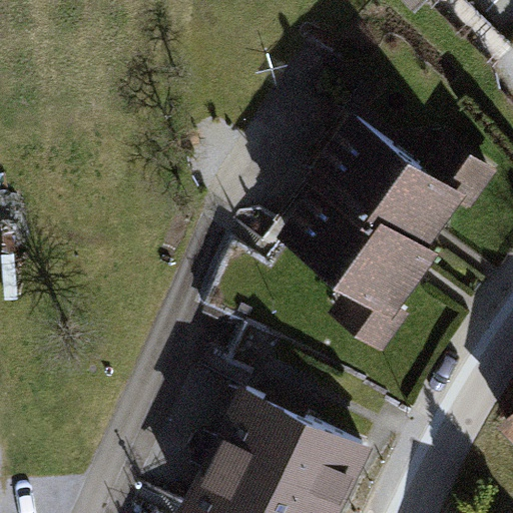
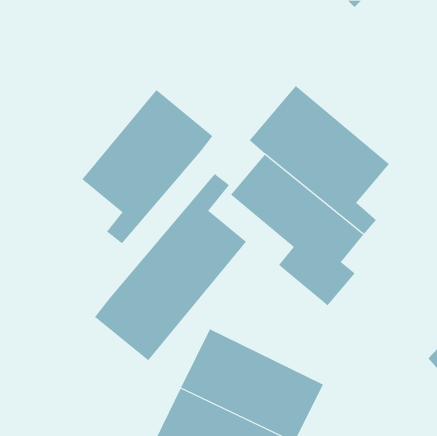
building: none -> [82,89,213,244]
building: none -> [94,173,247,361]

